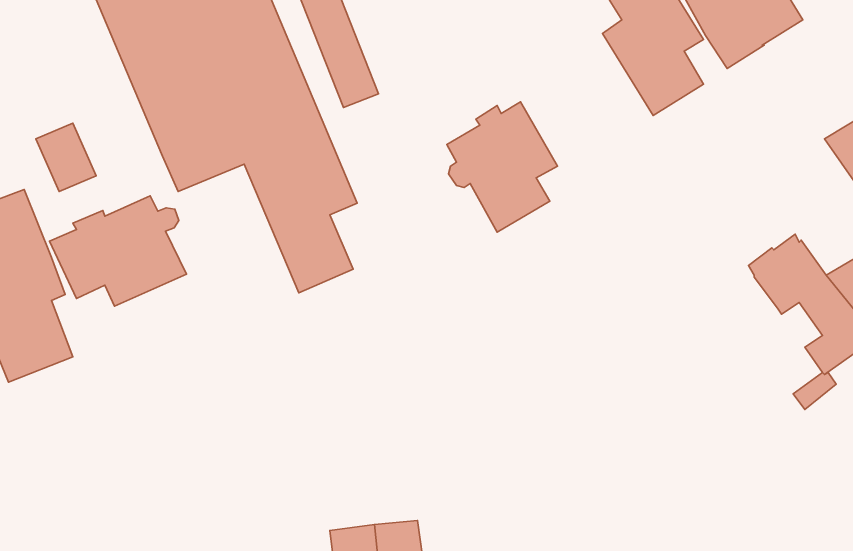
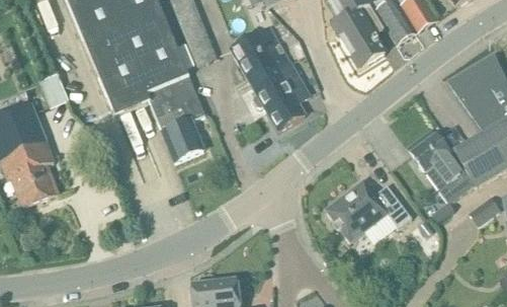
building: none -> [232,26,290,84]
building: [50,196,187,306] -> none
building: none -> [326,180,412,240]

